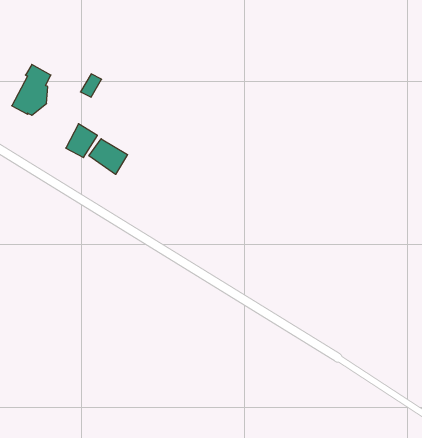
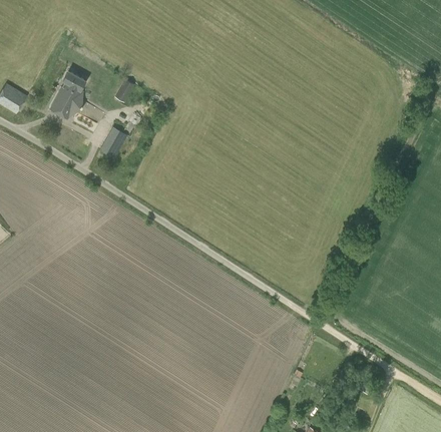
building: [89,139,128,174] -> none

